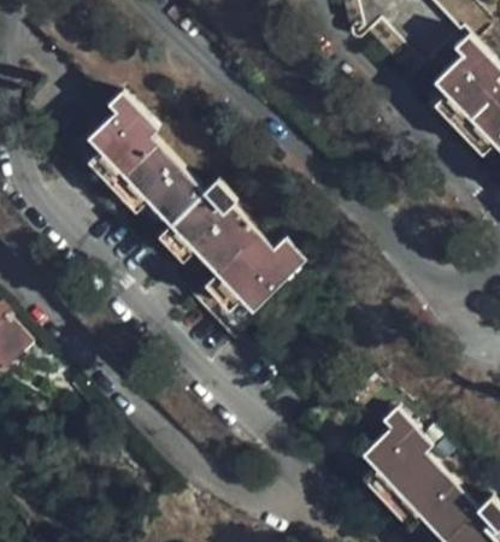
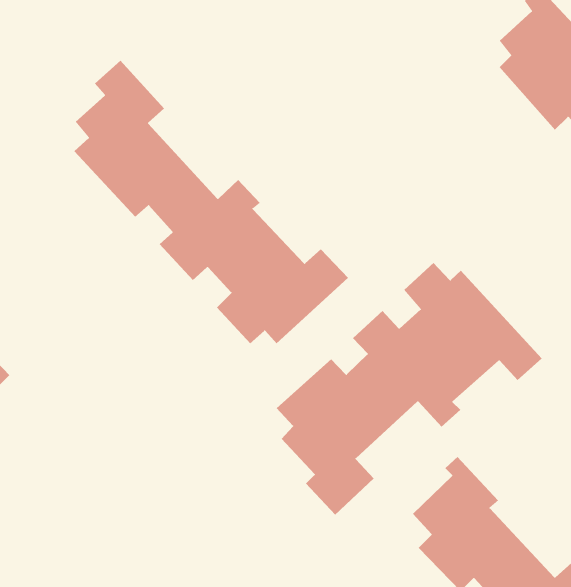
building: none -> [276,262,543,515]

